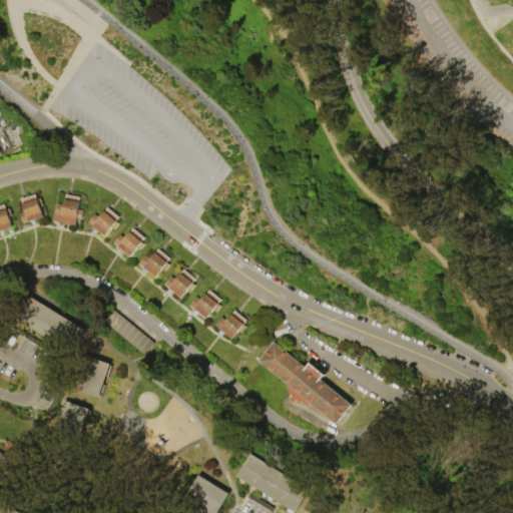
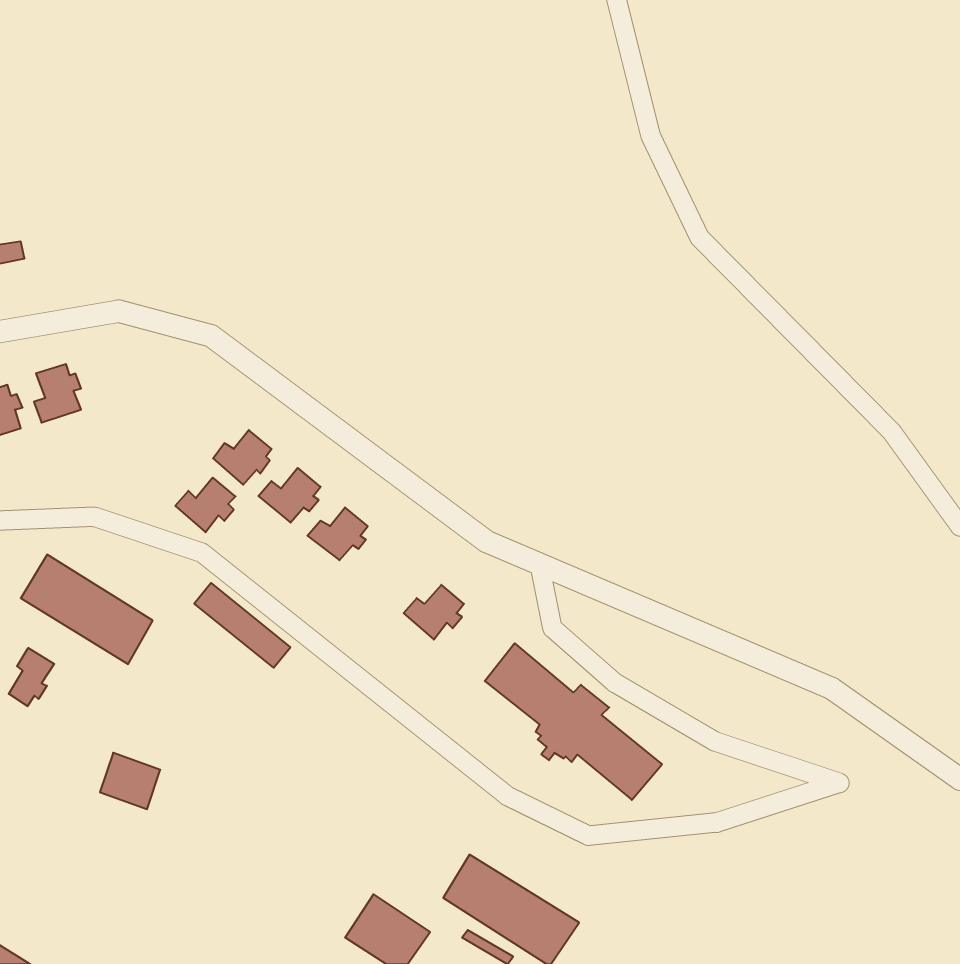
building: [52,194,82,225] -> none
building: [87,207,119,236] -> [175,478,236,532]
building: [188,290,220,320] -> none
building: none -> [9,648,54,706]
building: [72,356,106,397] -> none

